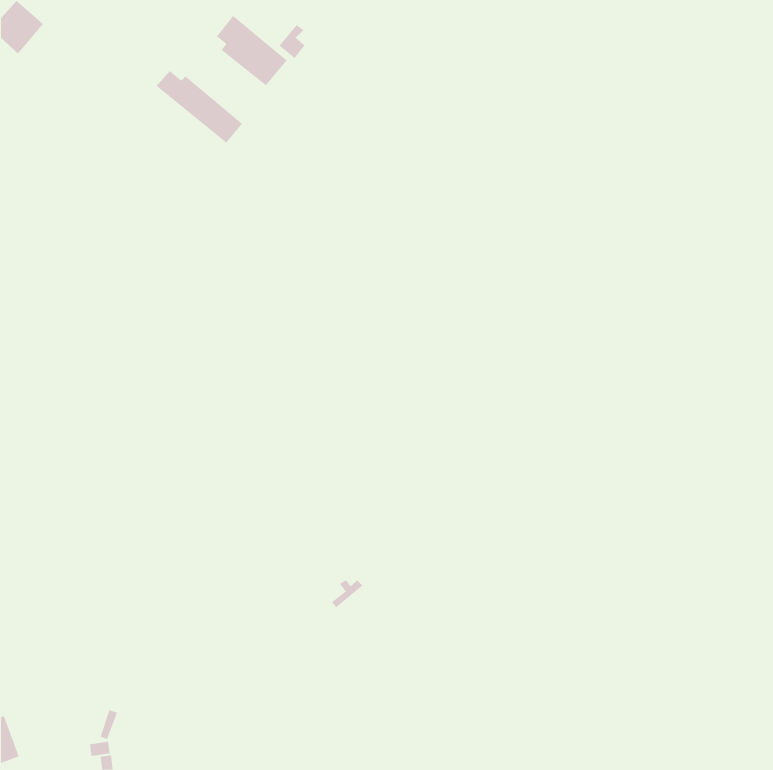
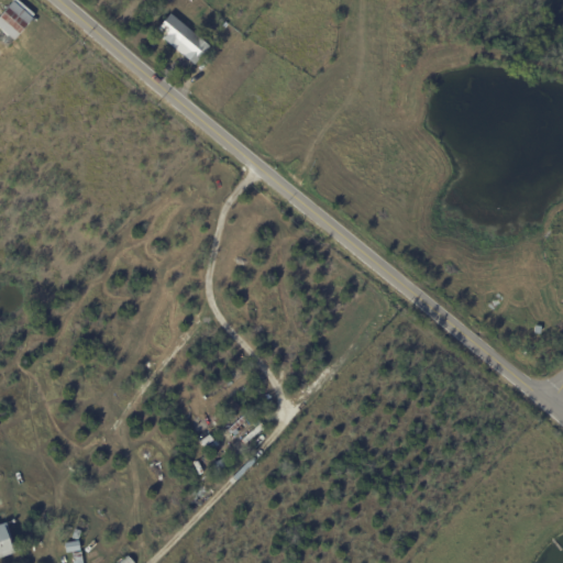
building: [156,70,243,144] -> none

